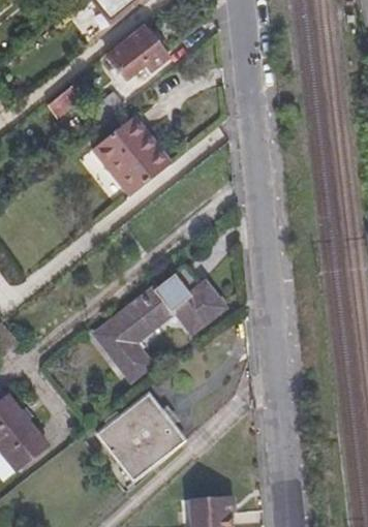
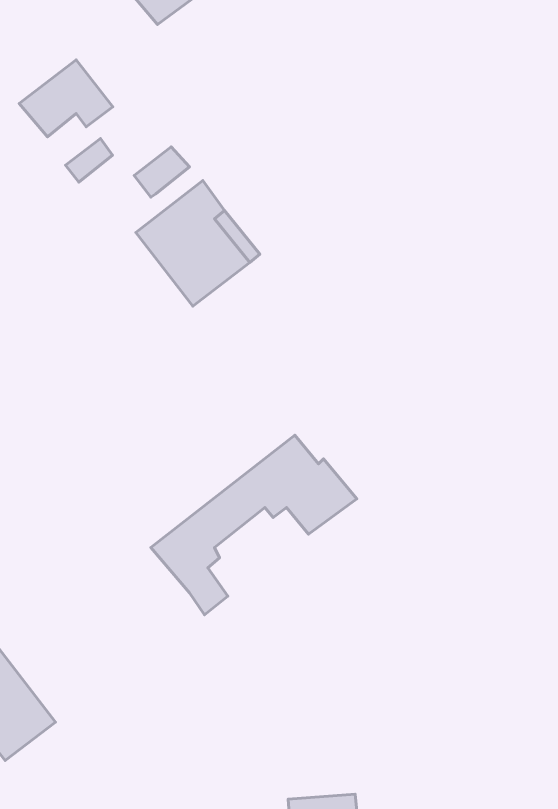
building: [106,28,164,75] -> [19,60,113,137]
building: [93,388,181,475] -> none

